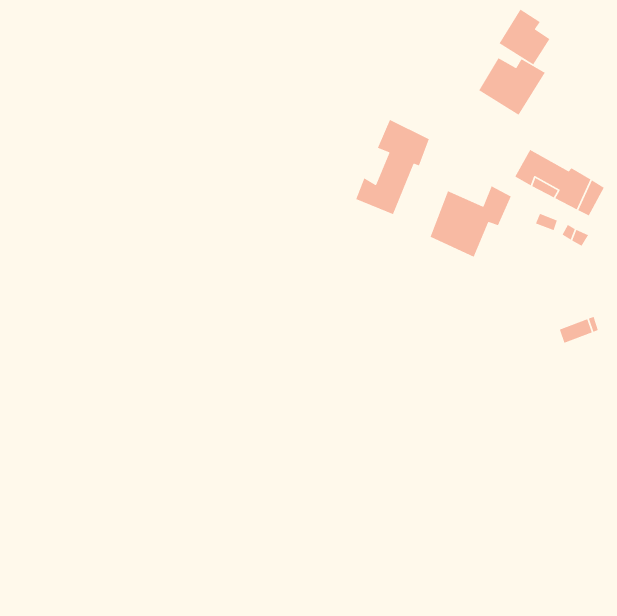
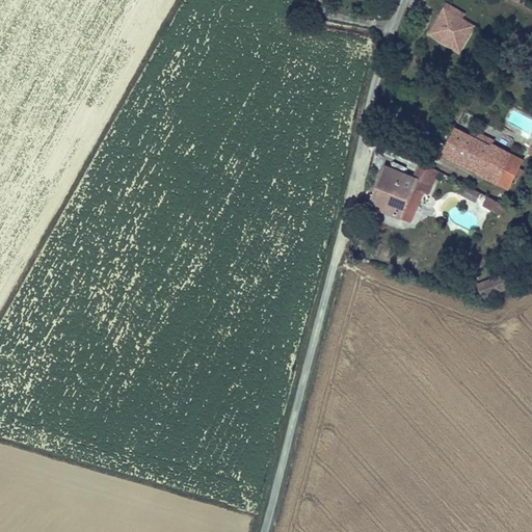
building: [478,57,546,116] -> none
building: [355,119,430,215] -> none

